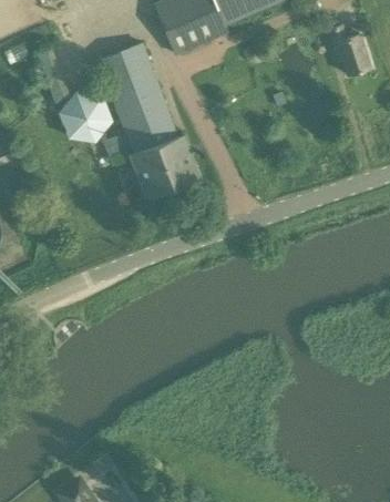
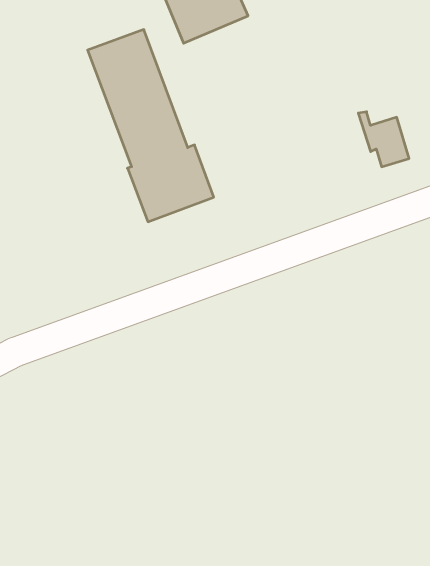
building: [328,29,369,73] -> [358,112,409,167]
building: [59,92,111,143] -> none

